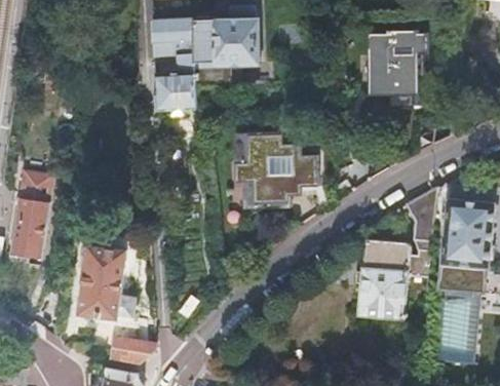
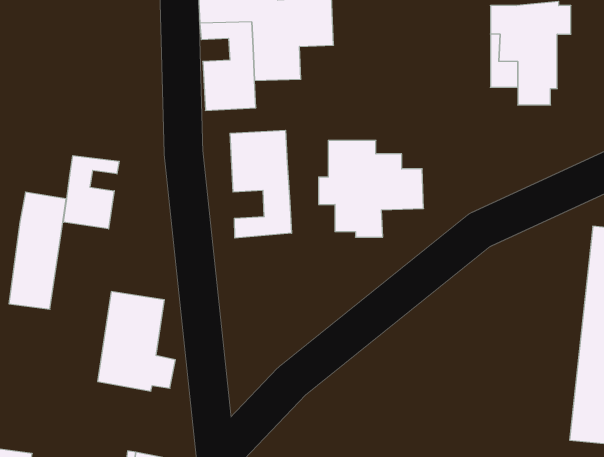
building: none -> [230,130,292,238]
building: none -> [64,156,119,229]
building: [358,188,436,319] -> none
building: [108,337,153,364] -> none

